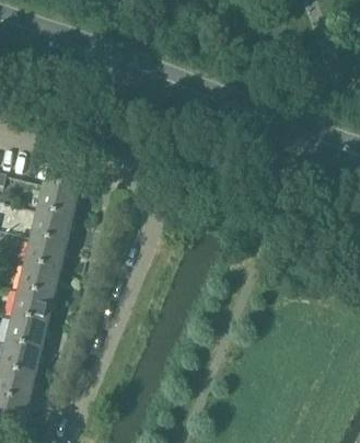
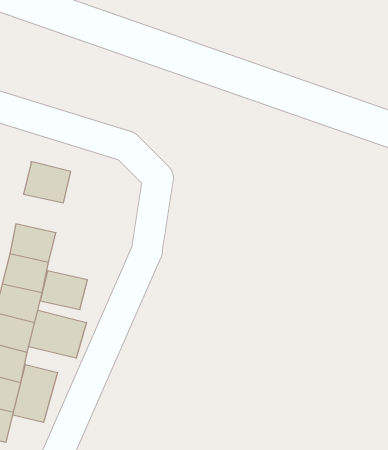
building: [31,212,72,246] -> [40,271,87,310]
building: none -> [29,310,87,358]
building: none -> [13,364,57,422]

